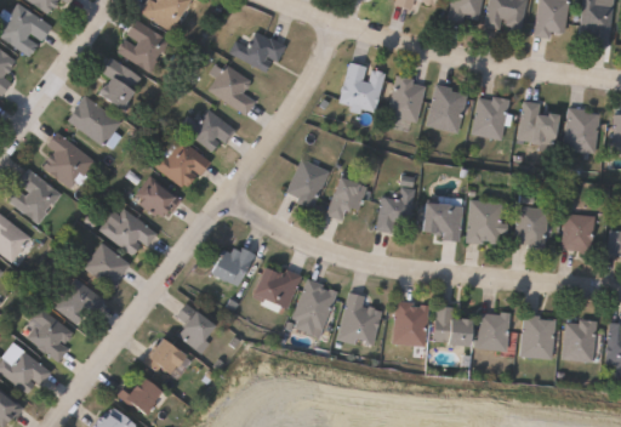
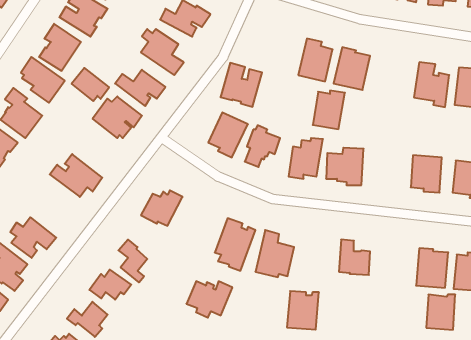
building: [338,63,386,113] -> [220,63,262,107]
building: [472,97,508,141] -> [313,91,345,129]
building: [138,178,181,216] -> [72,68,109,101]
building: [463,200,506,246] -> none
building: [90,241,137,290] -> none
building: [249,269,301,311] -> [186,281,232,318]
building: [392,302,428,346] -> [287,291,319,330]
building: [477,311,509,351] -> [426,295,455,330]

